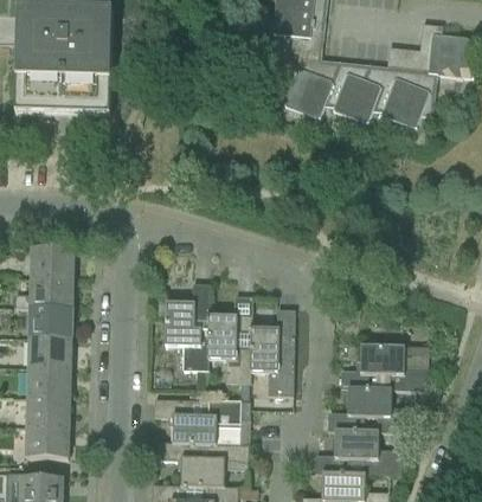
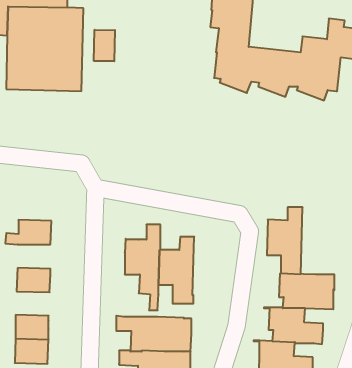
building: none -> [94,30,115,61]
building: [31,247,73,278] -> none
building: [30,308,71,339] -> none
building: [250,311,295,395] -> [267,207,303,274]
building: [27,367,70,398] -> none

